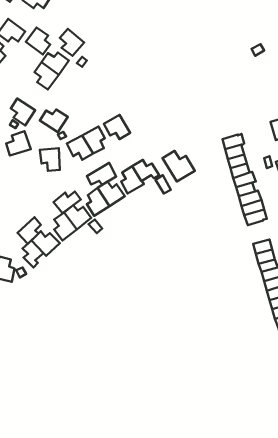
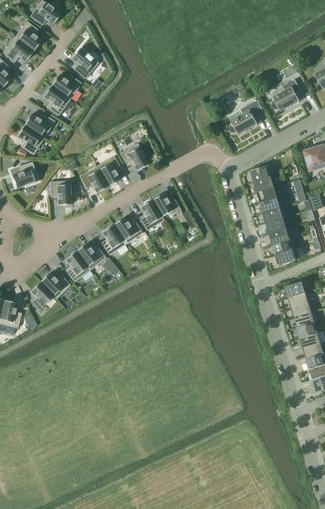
building: [26,27,50,55] -> [13,21,40,51]
building: none -> [270,79,300,111]
building: none -> [227,100,263,134]
building: [40,110,68,132] -> [23,113,54,138]
building: [162,151,195,182] -> none
building: [87,163,116,185] -> none
building: [53,191,81,213] -> none
building: [17,217,41,244] -> none

